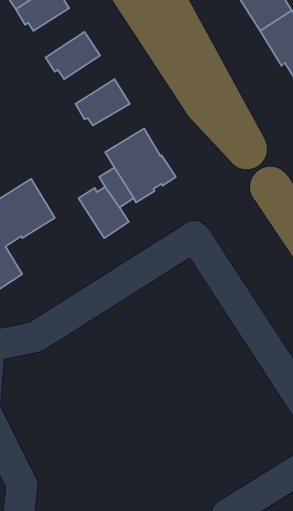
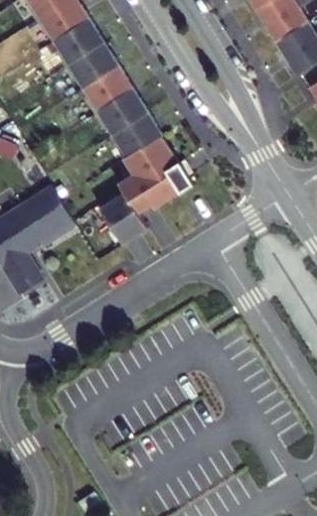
building: none -> [53,18,104,67]
building: none -> [84,64,133,112]
building: none -> [112,112,163,159]

